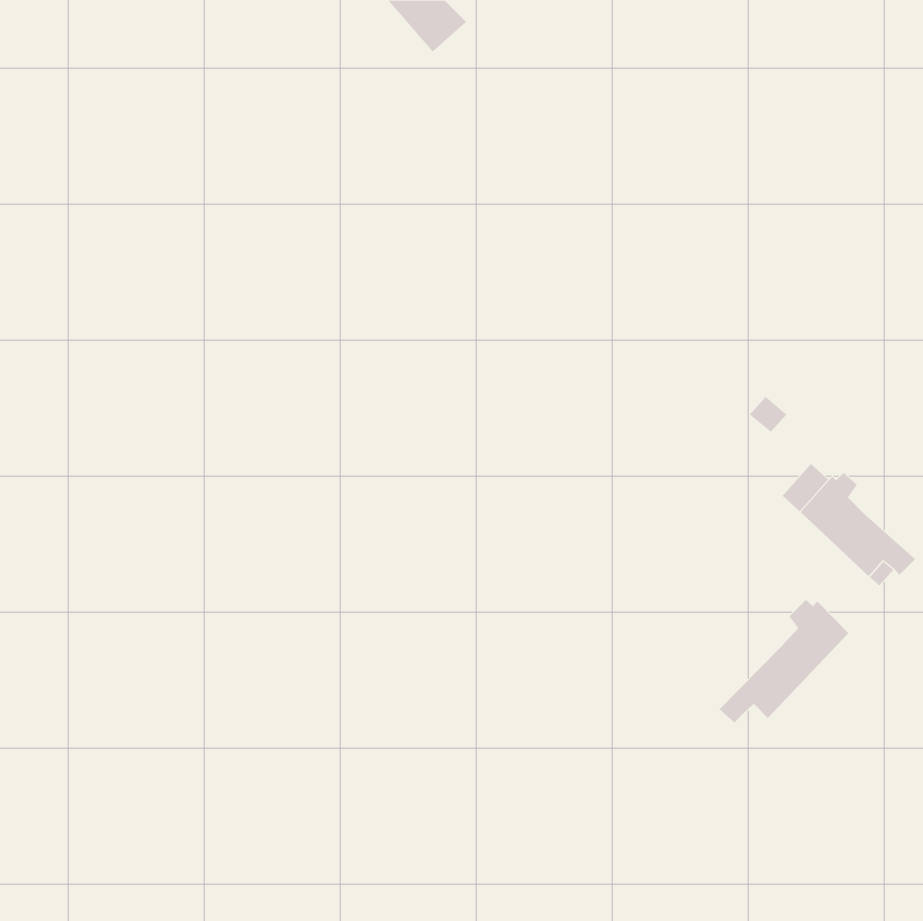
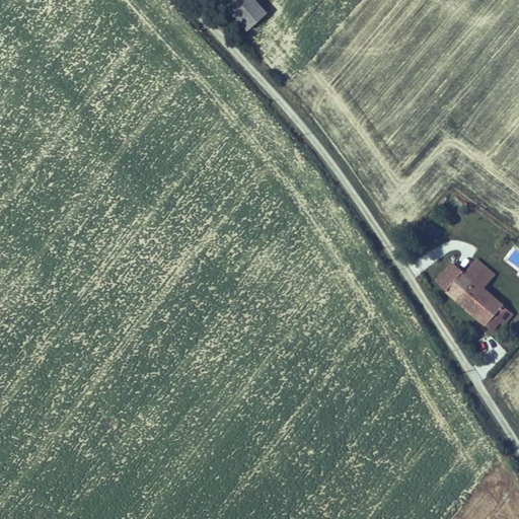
building: none -> [472,257,498,289]
building: [718,599,849,724] -> none

